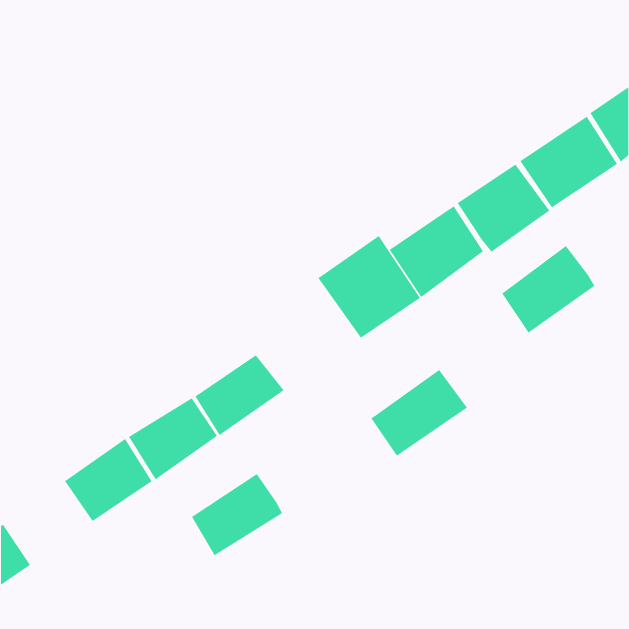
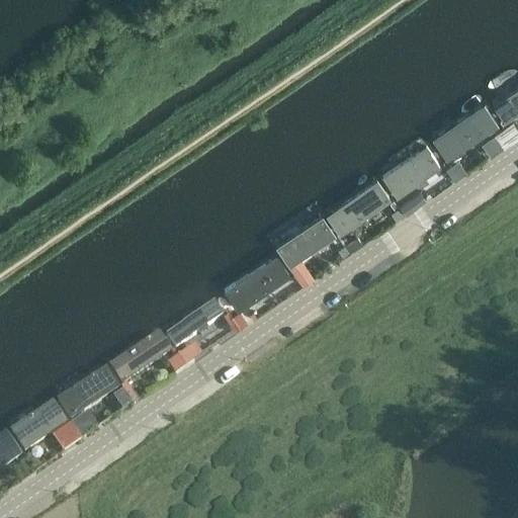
building: [501,245,595,333] -> none
building: [371,369,468,457] -> [215,247,295,319]
building: [191,473,283,556] -> none
building: none -> [4,397,74,462]

